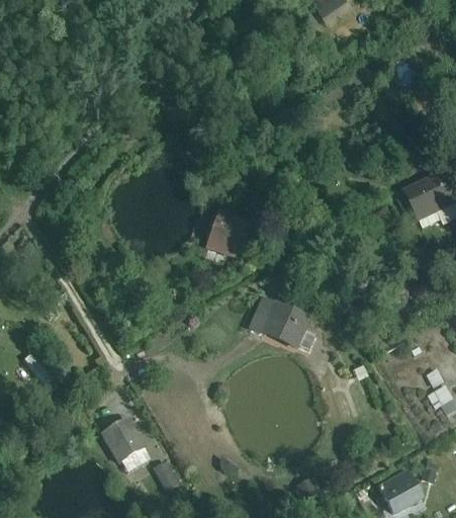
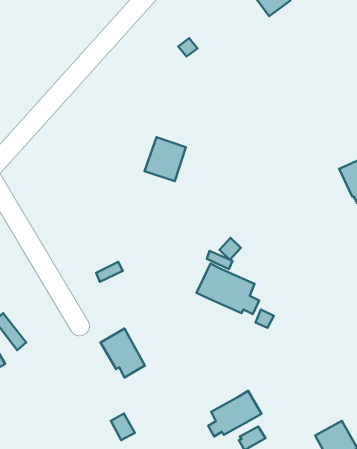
building: [205,208,251,257] -> [145,137,186,181]
building: [101,417,150,470] -> [101,329,145,377]
building: none -> [208,391,261,437]

